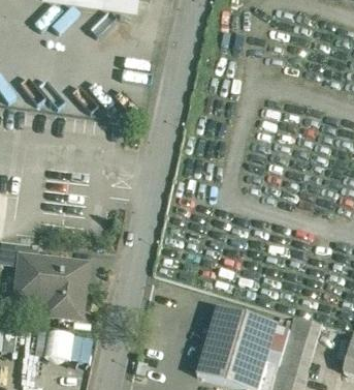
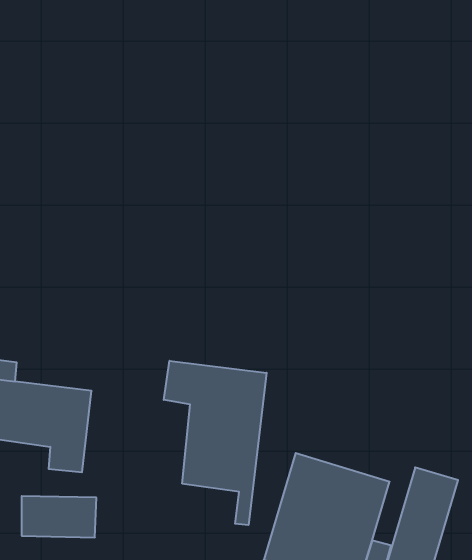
building: none -> [164,361,267,525]

